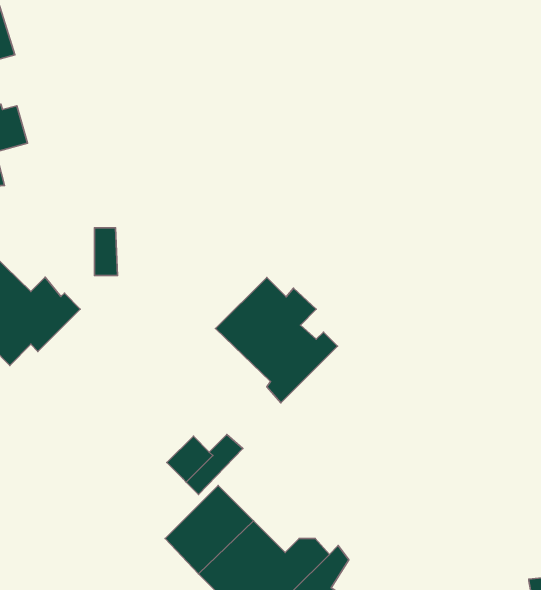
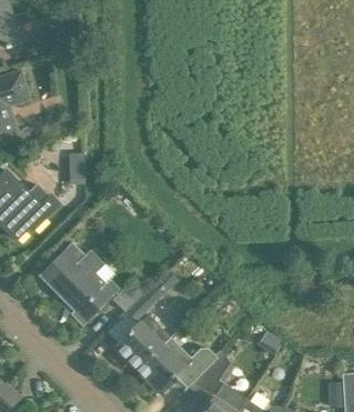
building: [216,277,338,403] -> [42,244,119,323]

